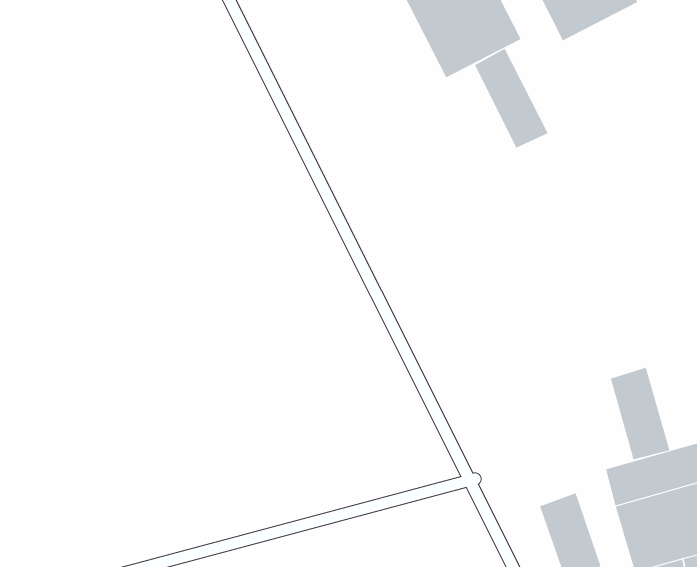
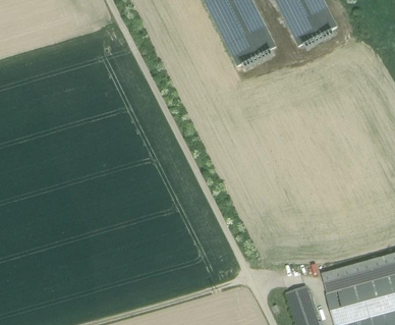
building: [474,48,548,149] -> none
building: [610,367,670,460] -> none

